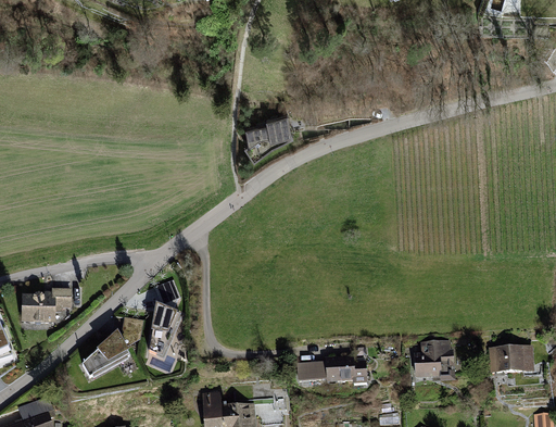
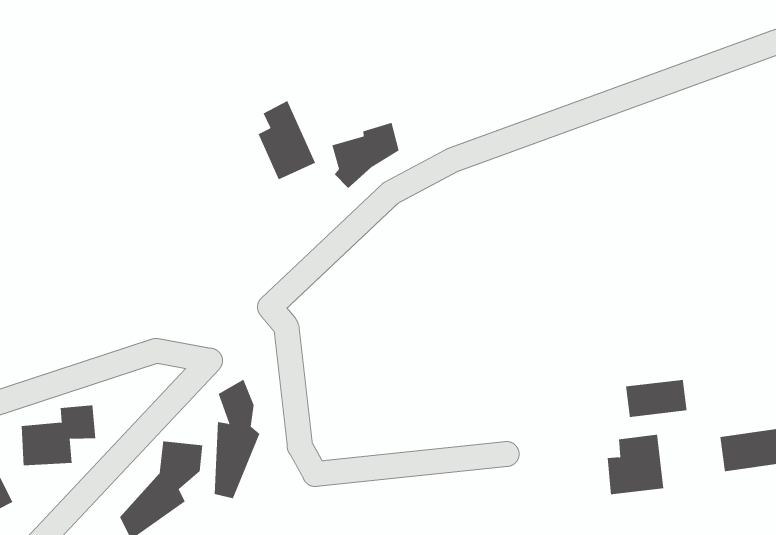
building: none -> [258,100,316,180]
building: none -> [625,379,687,418]
building: [294,357,365,384] -> none

